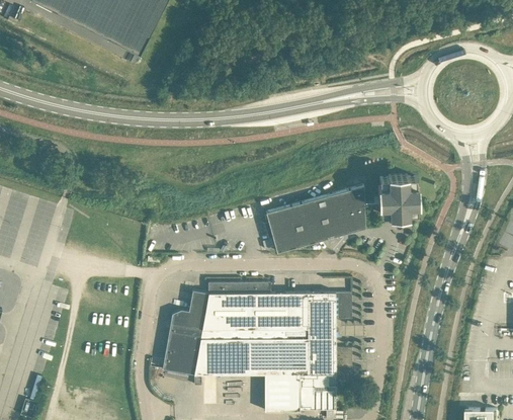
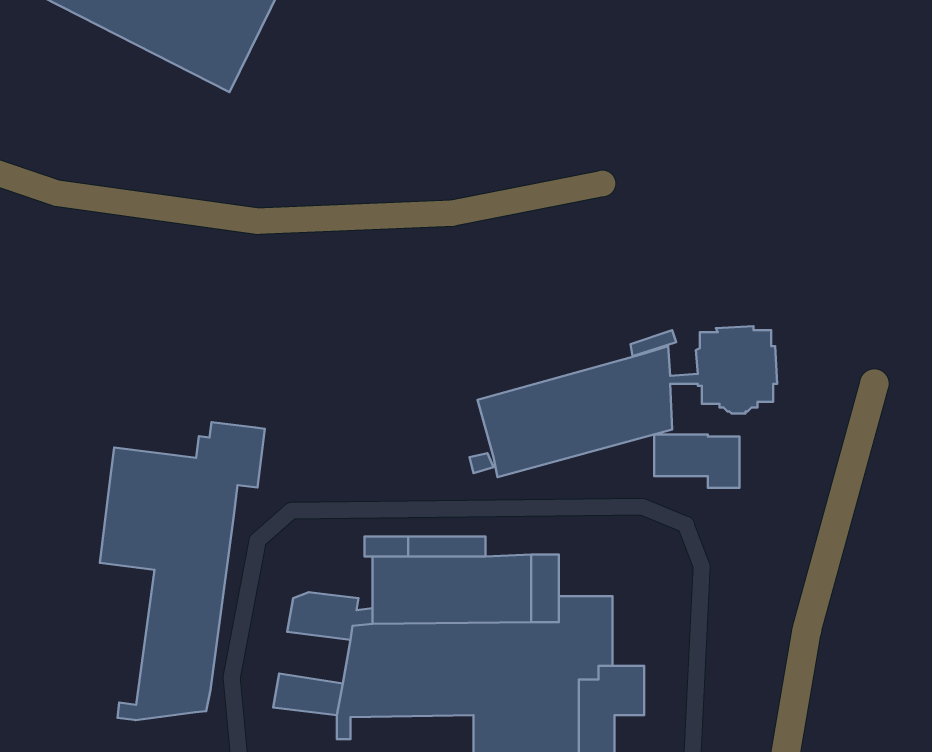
building: none -> [100,422,265,720]
building: [188,290,212,320] -> none
building: [308,291,351,319] -> [654,434,739,488]
building: [165,331,201,357] -> none

